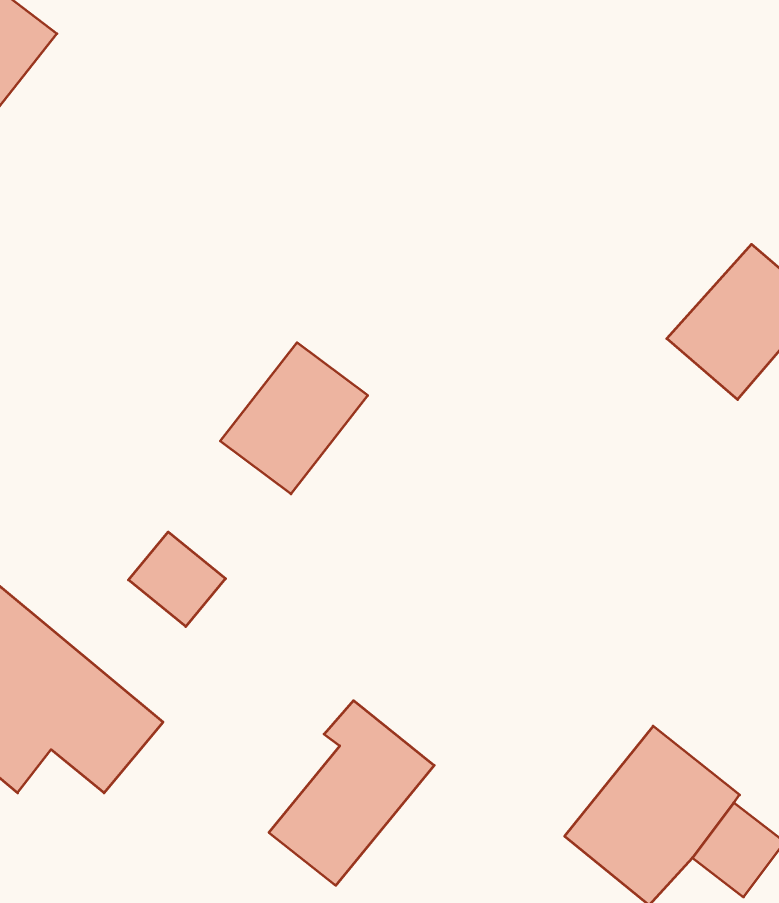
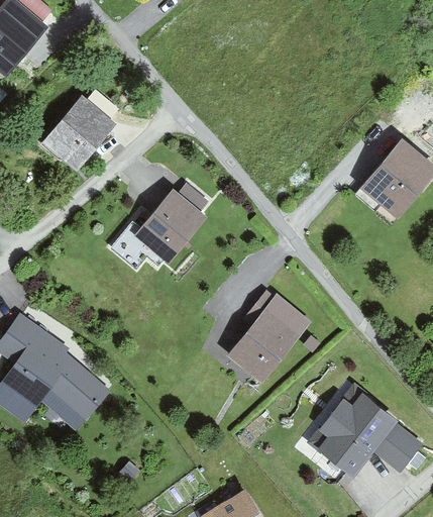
building: none -> [40,94,118,175]
building: [128,532,226,627] -> none
building: [269,701,434,885] -> [226,287,311,382]

